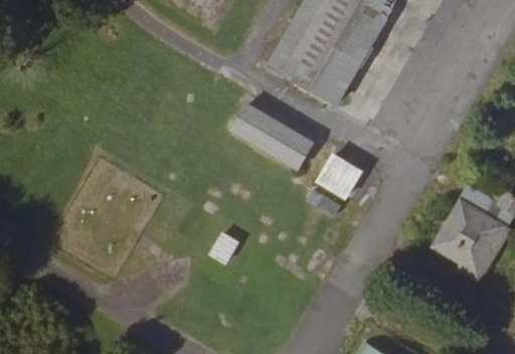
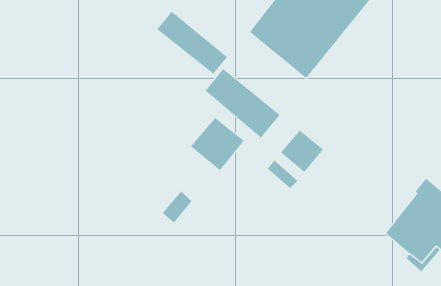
building: none -> [157,11,228,74]
building: none -> [190,117,245,171]

